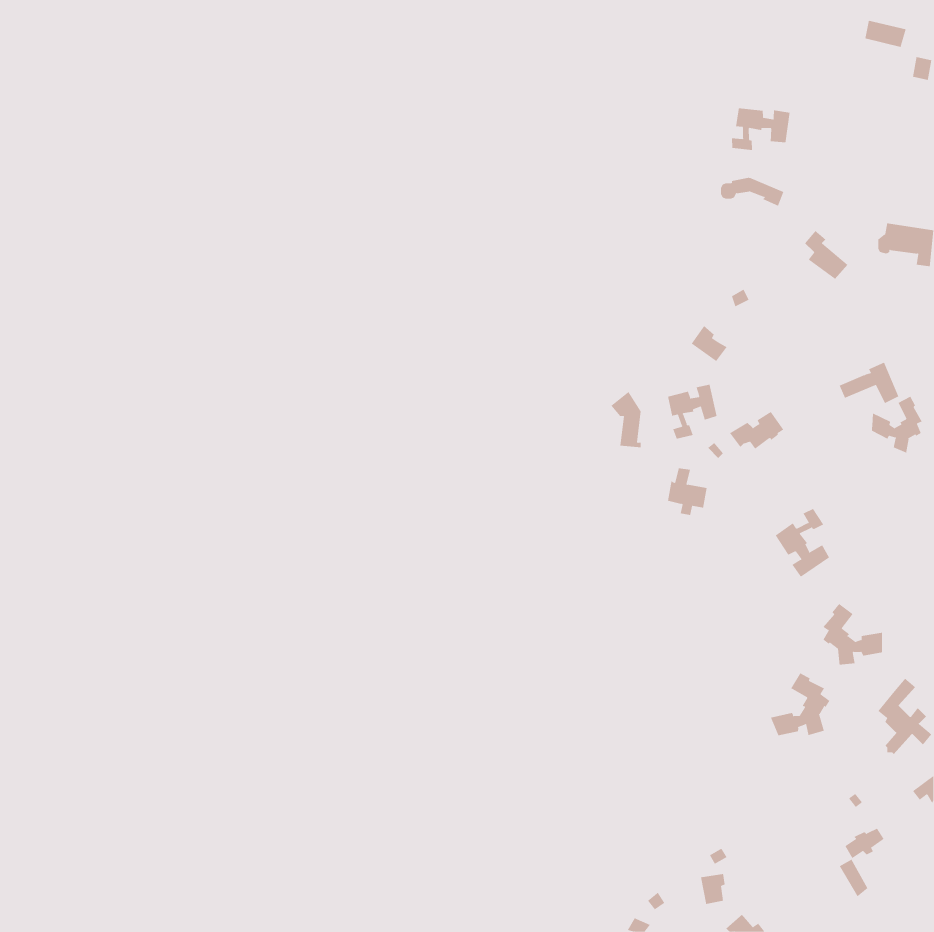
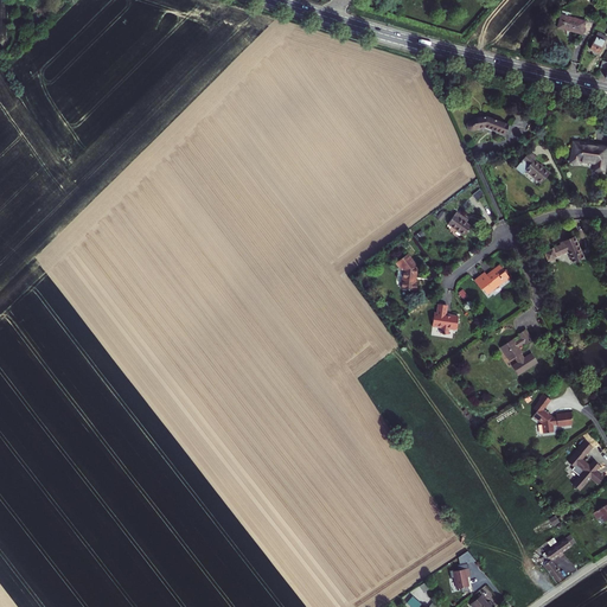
building: [731,107,790,151] -> none
building: [667,384,717,440] -> none
building: [871,396,922,454] -> none
building: [770,672,830,736] -> none

